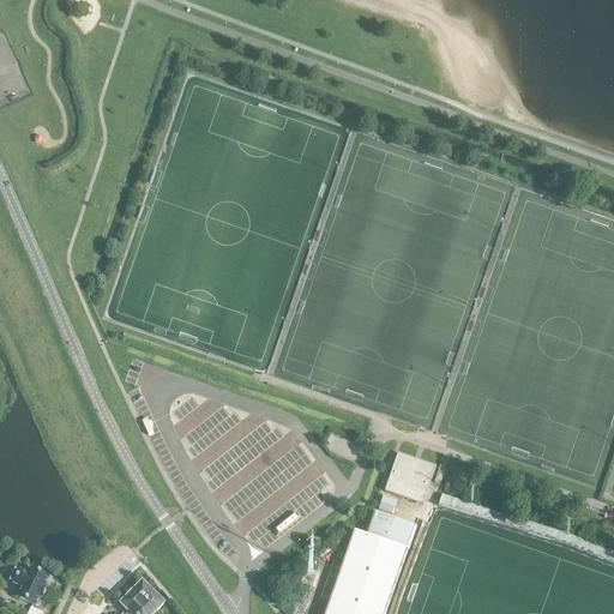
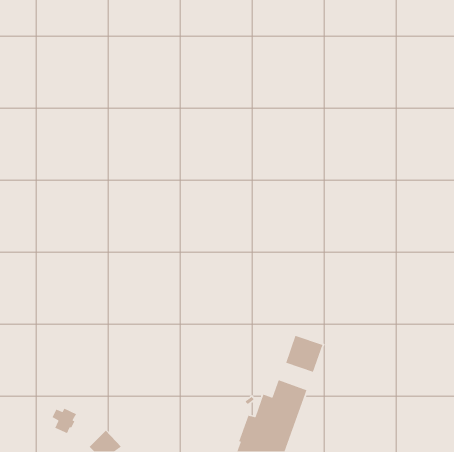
building: [14,568,49,604] -> [51,408,77,434]

